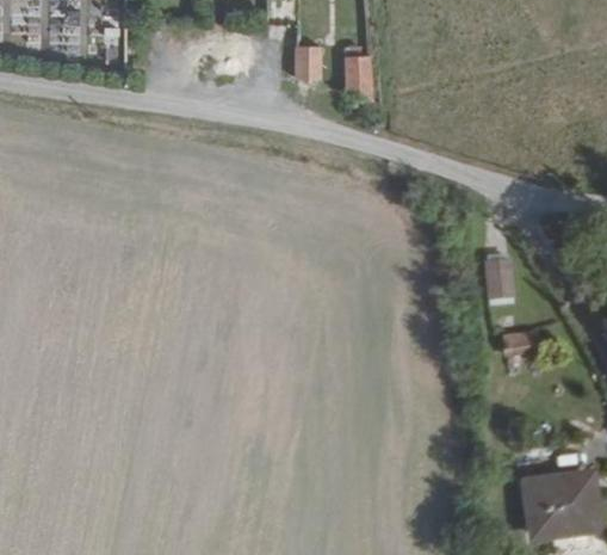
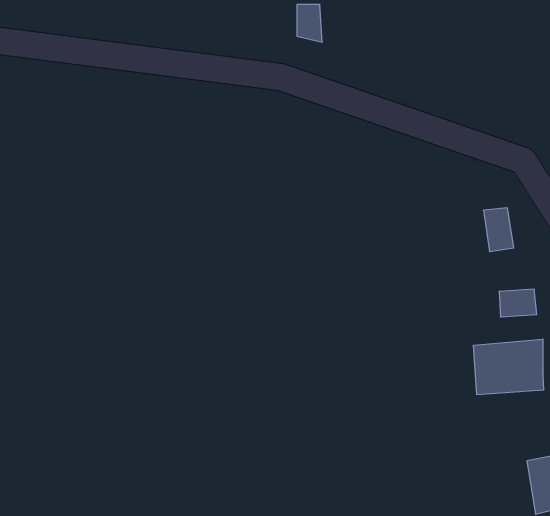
building: [345,51,373,98] -> none
building: none -> [474,339,544,395]

